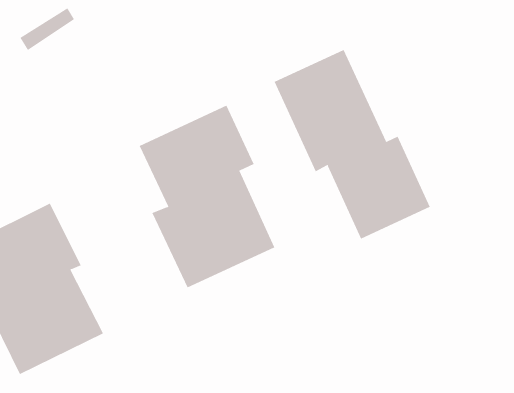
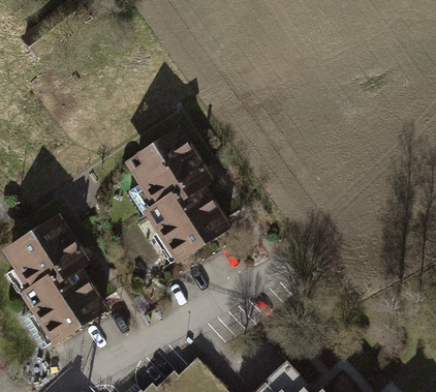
building: [274,49,431,239] -> none

